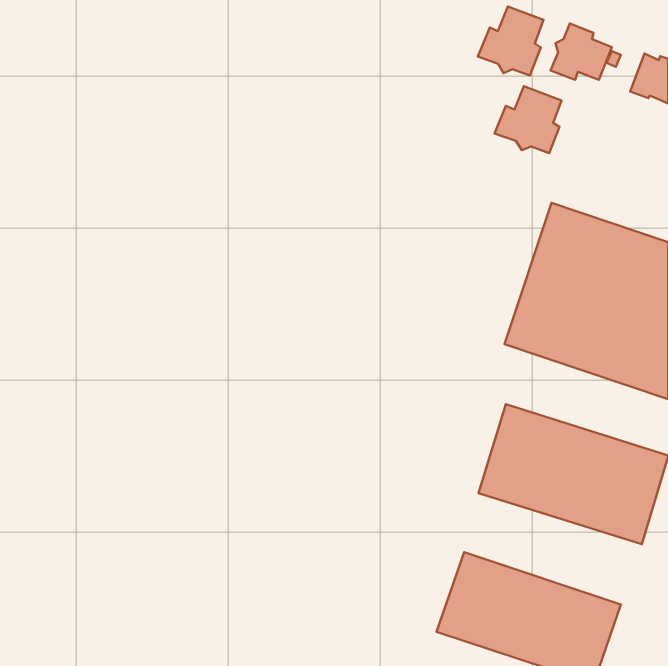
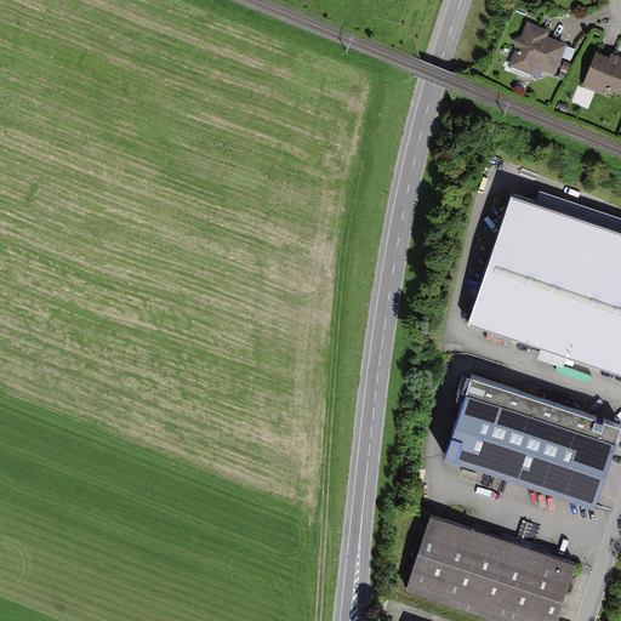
building: [478,7,544,75] -> none
building: [494,86,561,153] -> none

